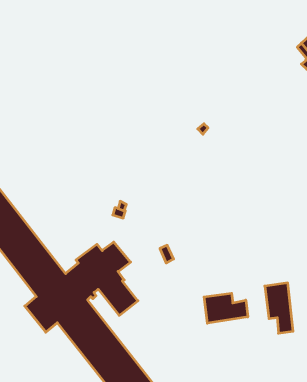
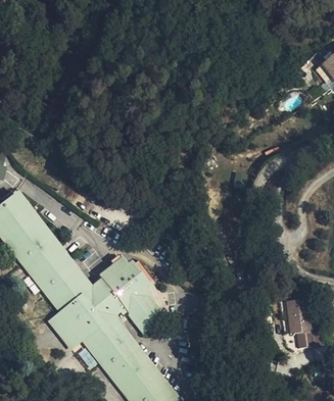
building: [204,293,248,323] -> none

